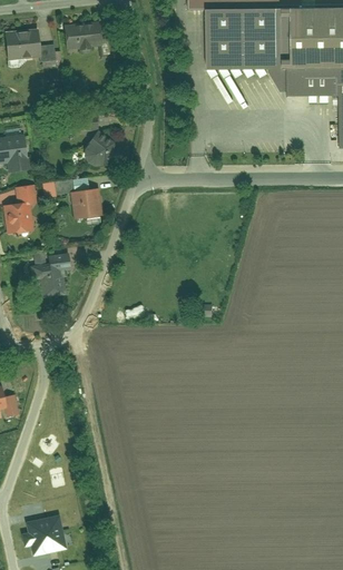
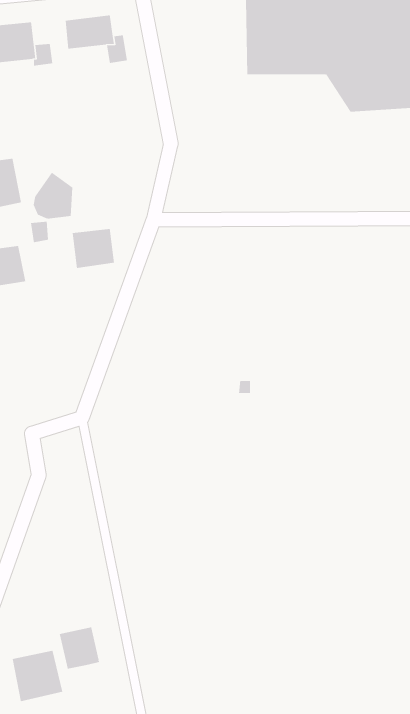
building: [85,129,116,166] -> [33,172,73,219]
building: [33,249,71,296] -> none
building: none -> [59,627,100,670]

